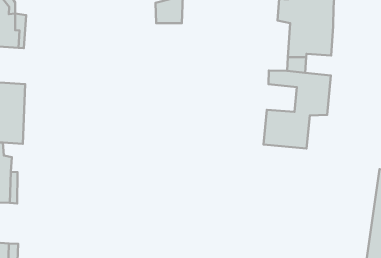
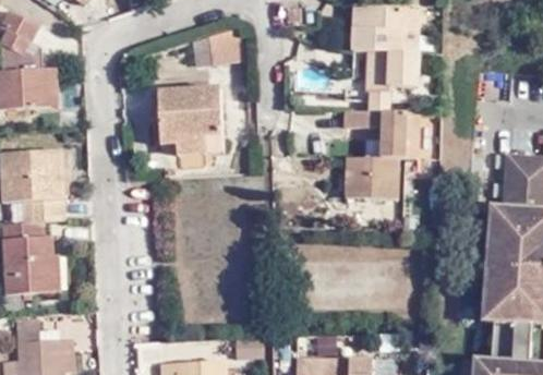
building: none -> [165,89,230,150]

